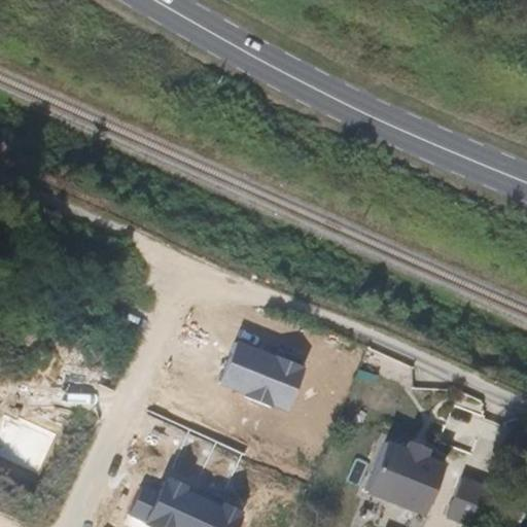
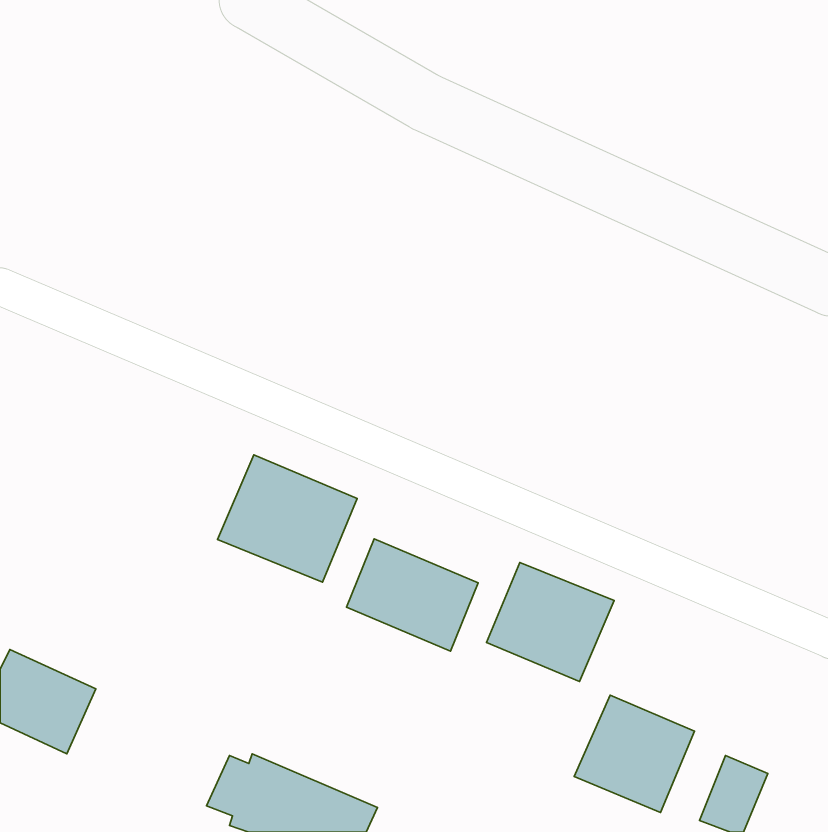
building: none -> [218,455,357,582]
building: none -> [487,562,614,682]

